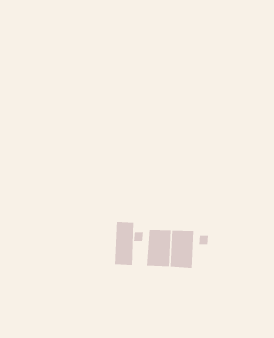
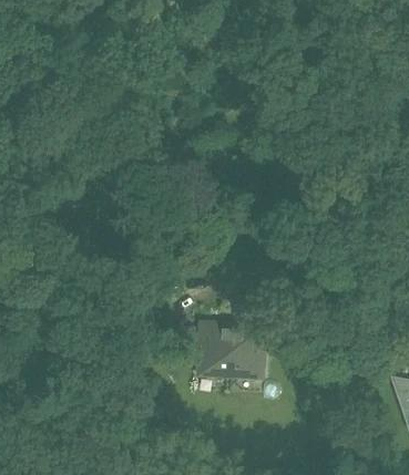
building: [114,221,134,266] -> none

